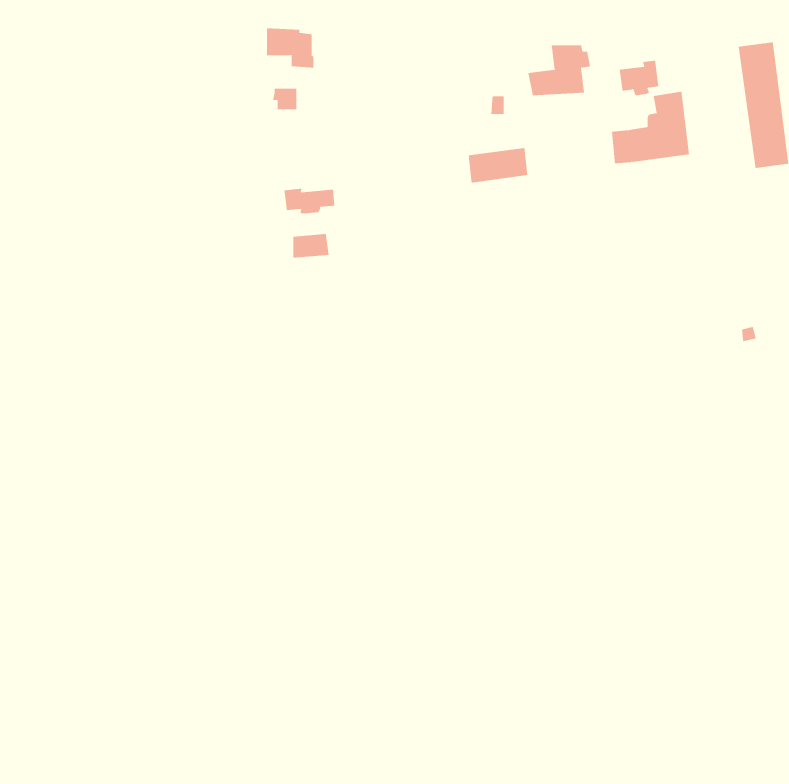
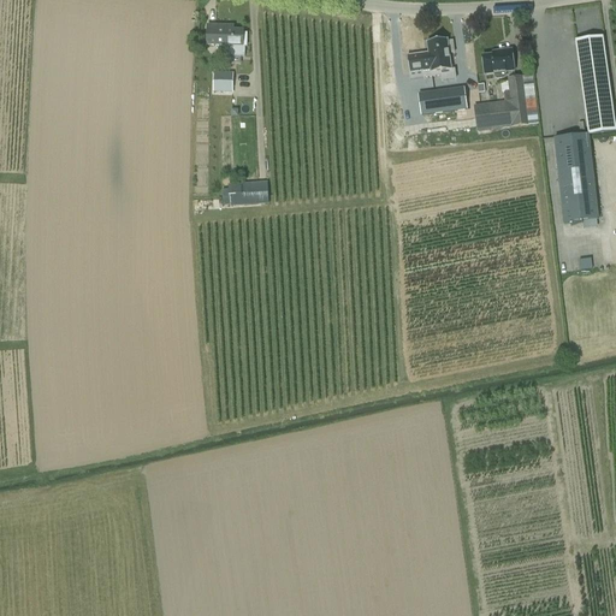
building: [468,147,528,183] -> [419,84,466,112]
building: none -> [552,131,597,219]
building: [284,188,335,214] -> none

